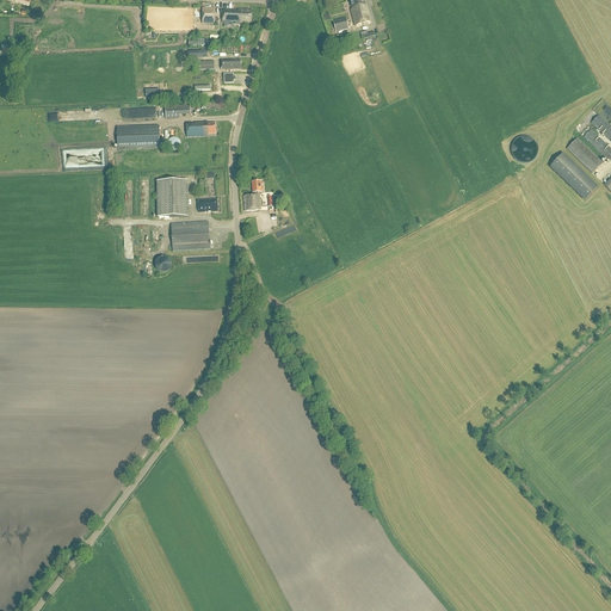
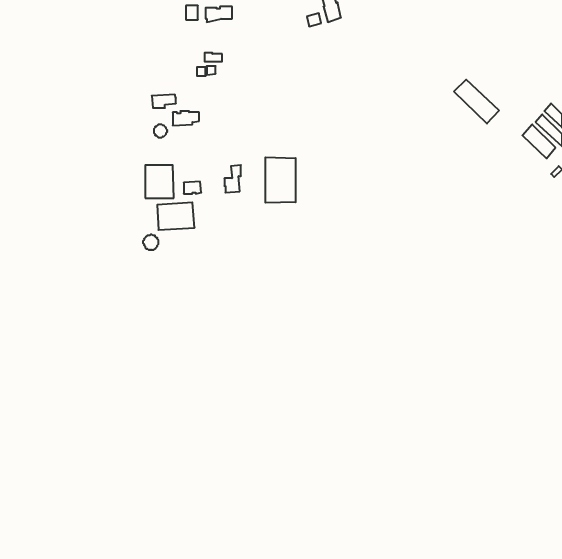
building: [118,125,161,148] -> none
building: [549,152,598,199] -> [454,80,499,124]
building: none -> [265,157,296,203]

